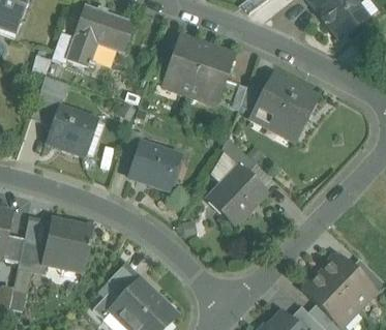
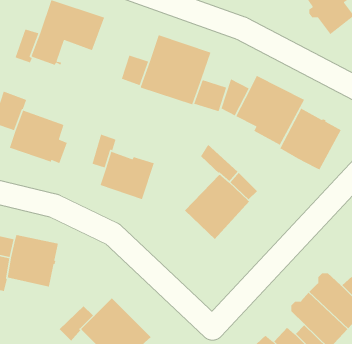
building: none -> [279,108,342,171]

